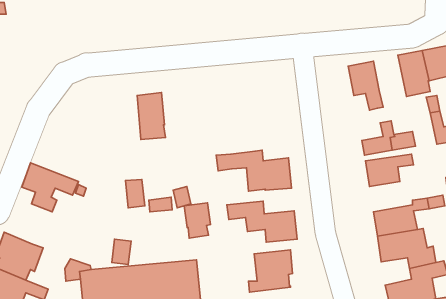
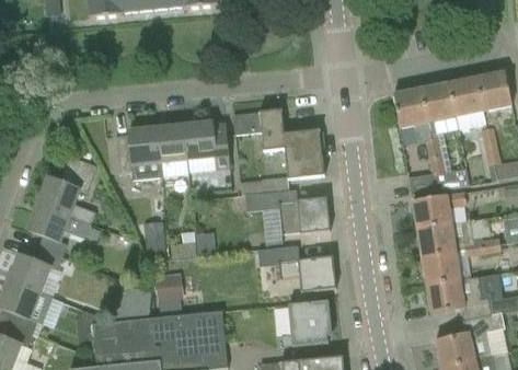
building: none -> [422,82,459,158]
building: none -> [233,109,324,193]
building: none -> [184,122,230,172]
building: none -> [116,127,161,180]
building: none -> [37,157,96,223]
building: none -> [417,220,474,257]
building: [184,203,211,238] -> [154,274,184,313]
building: none -> [8,248,61,293]

